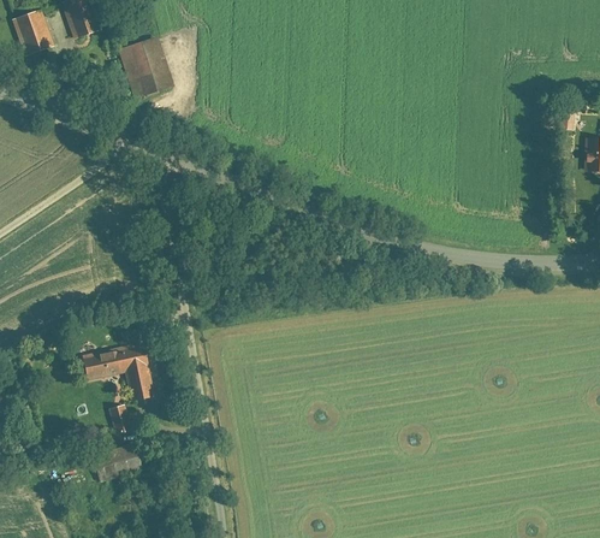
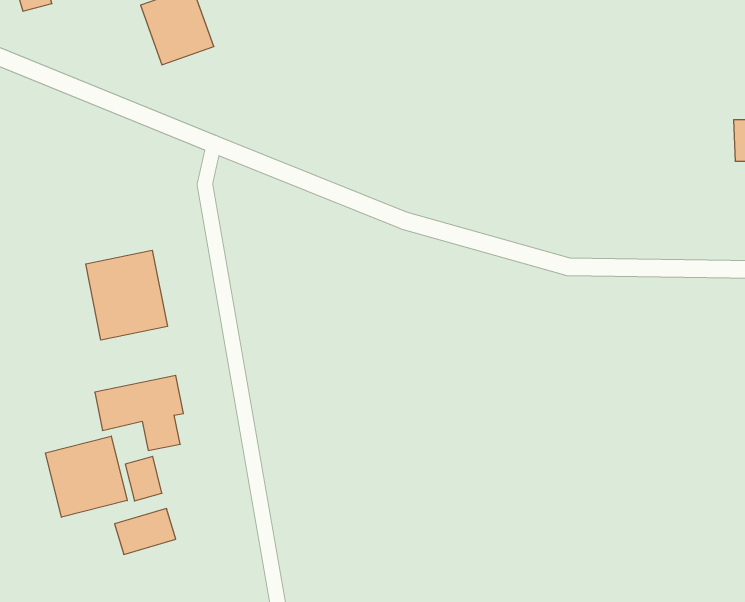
building: none -> [86,250,167,340]
building: none -> [46,436,127,517]

